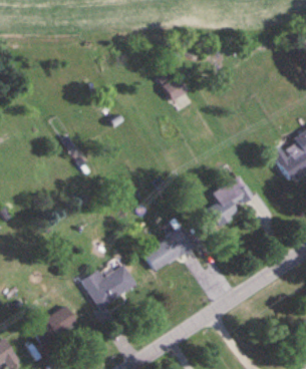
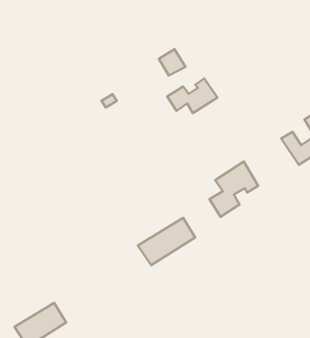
building: none -> [167,79,218,113]
building: [82,267,130,309] -> none

